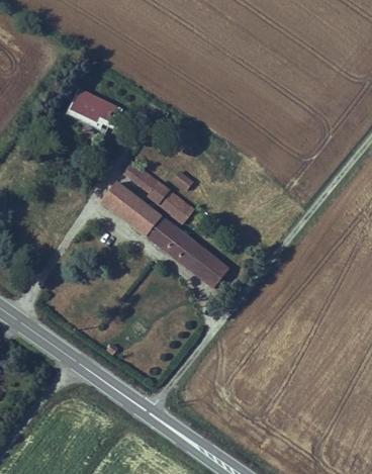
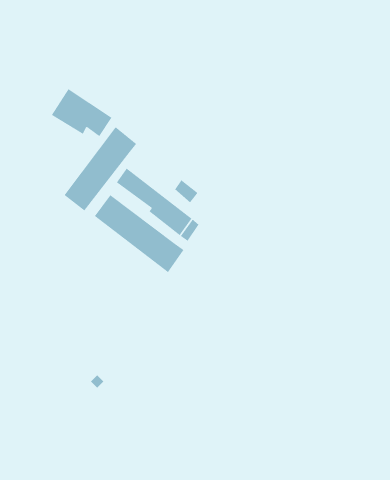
building: none -> [63,126,137,212]
building: [169,231,231,288] -> none

